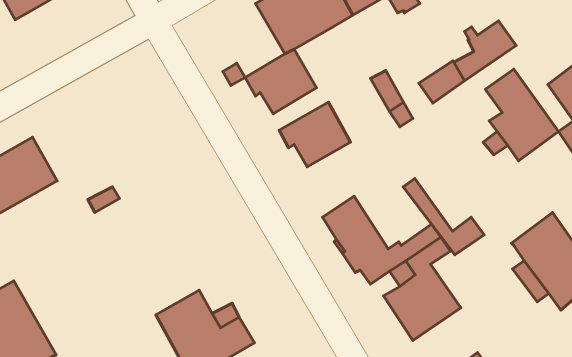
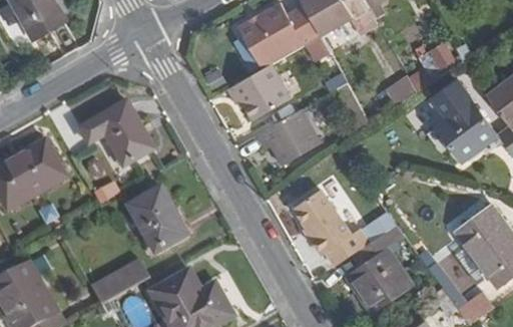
building: none -> [80,99,154,165]
building: [403,178,484,255] -> [423,256,492,321]
building: none -> [129,186,189,253]
building: none -> [92,259,149,304]

